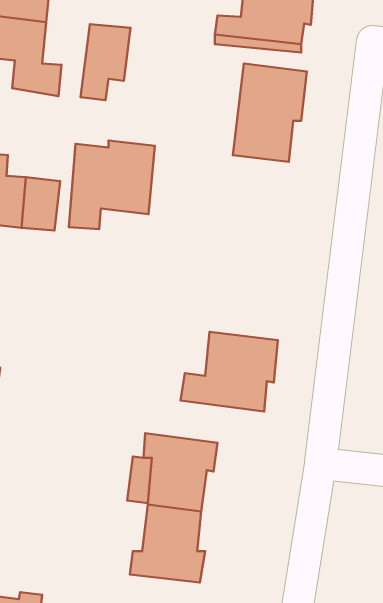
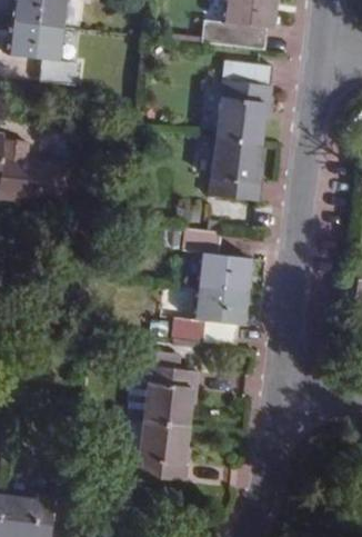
building: [80,24,130,100] -> none
building: [69,141,155,229] -> none
building: none -> [207,139,263,202]
building: none -> [181,228,253,289]

